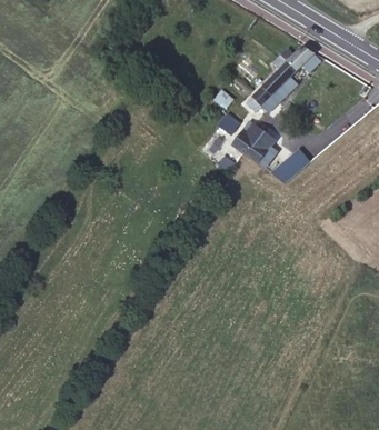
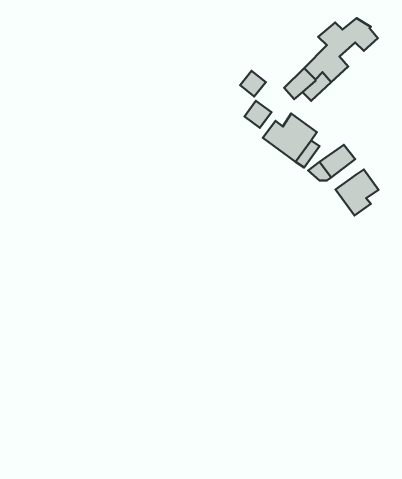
building: none -> [336,169,378,216]

